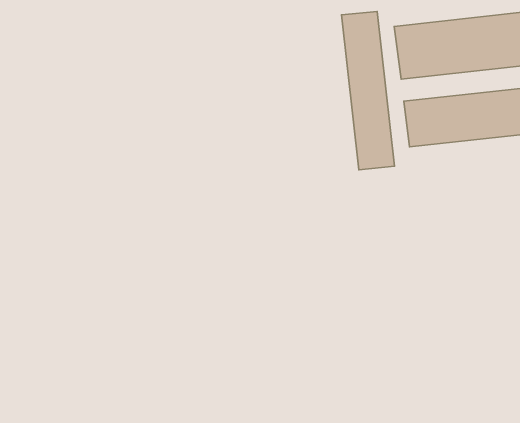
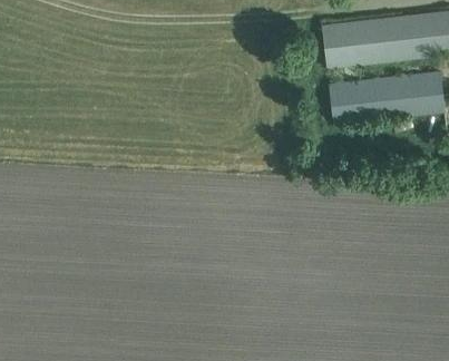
building: [341,11,394,170] -> none

